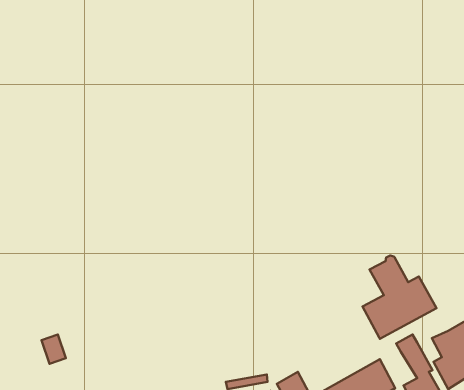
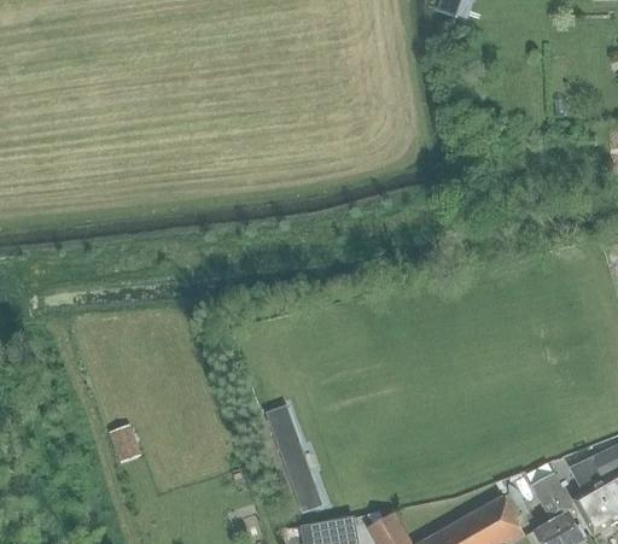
building: [362,256,437,339] -> none
building: none -> [264,404,321,513]
building: [41,335,66,364] -> [109,423,141,462]

